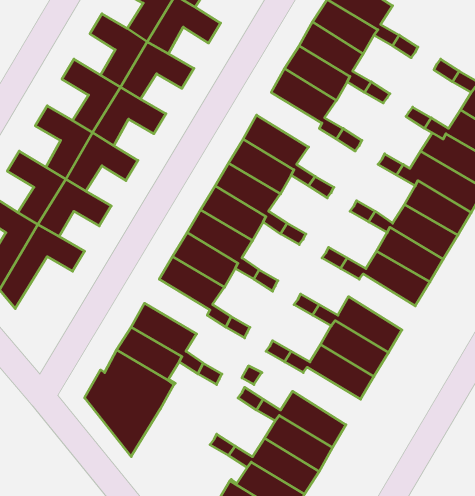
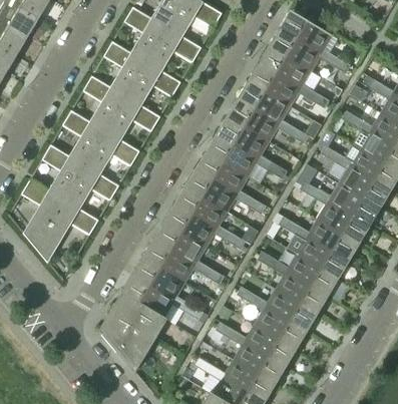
building: none -> [229,99,278,140]
building: none -> [298,236,348,278]
building: none -> [144,240,193,281]
building: none -> [256,306,307,349]

